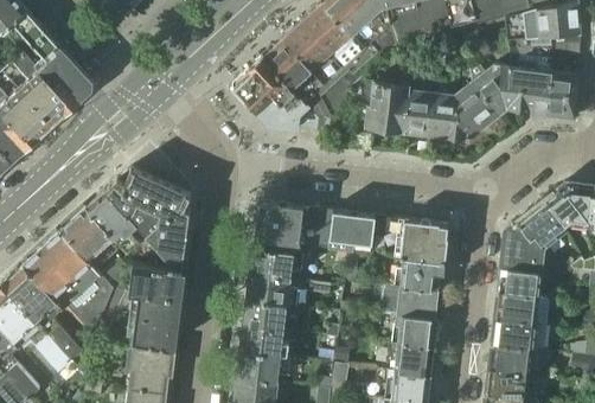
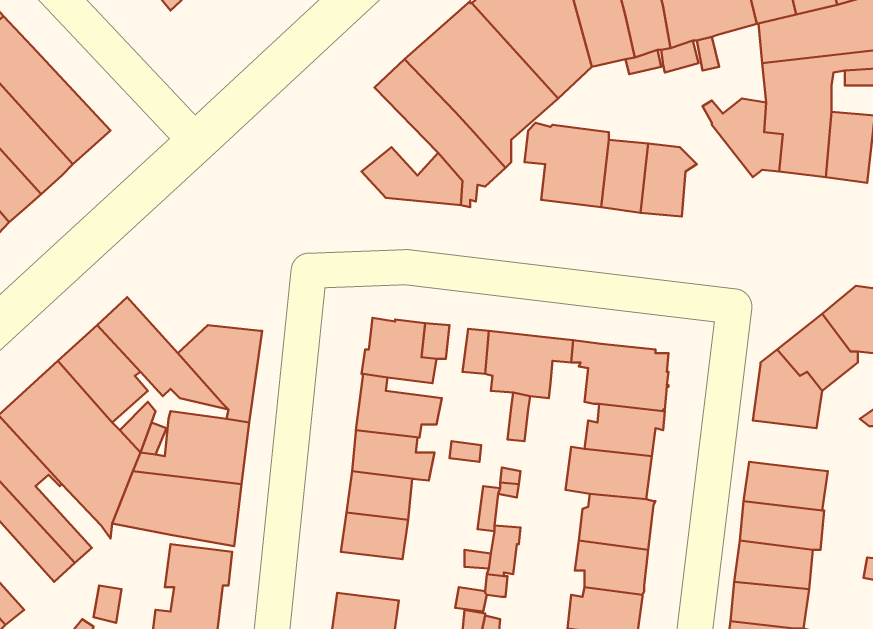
building: [235,57,302,113] -> none
building: [455,79,501,140] -> none
building: [105,168,192,225] -> none
building: [499,268,542,299] -> none
building: [238,351,292,382] -> none

